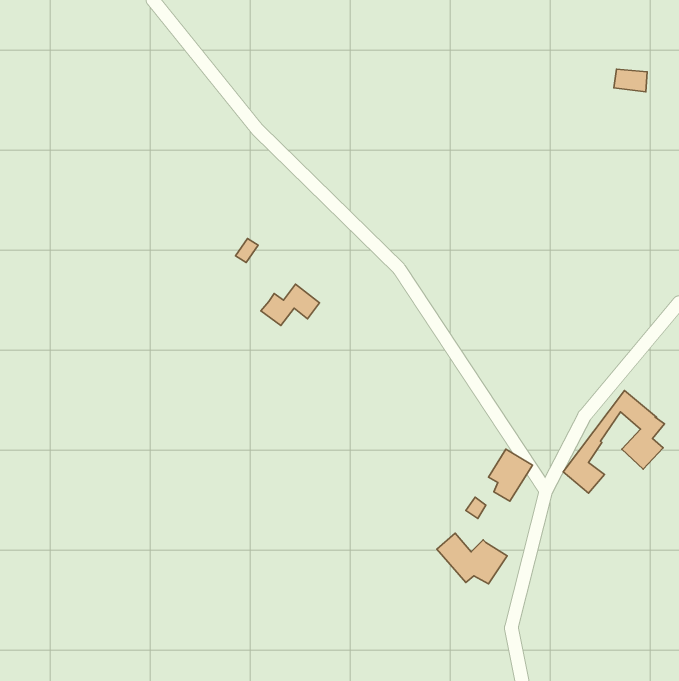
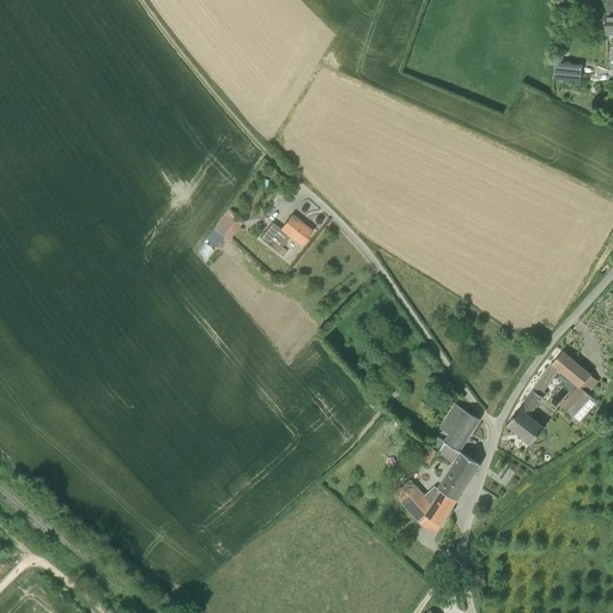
building: [261,284,319,325] -> [259,214,311,251]
building: none -> [437,463,471,499]

